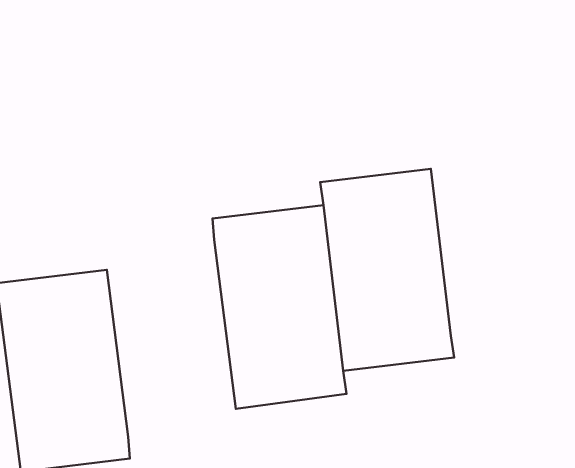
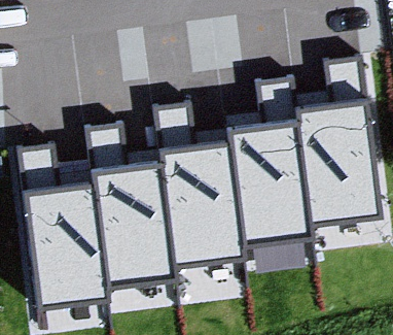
building: none -> [292,94,376,220]
building: none -> [92,160,175,282]

